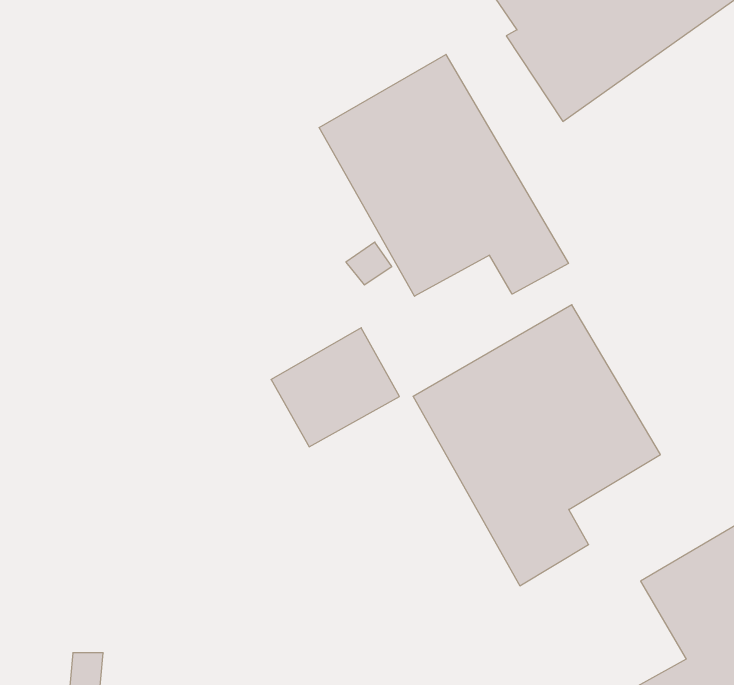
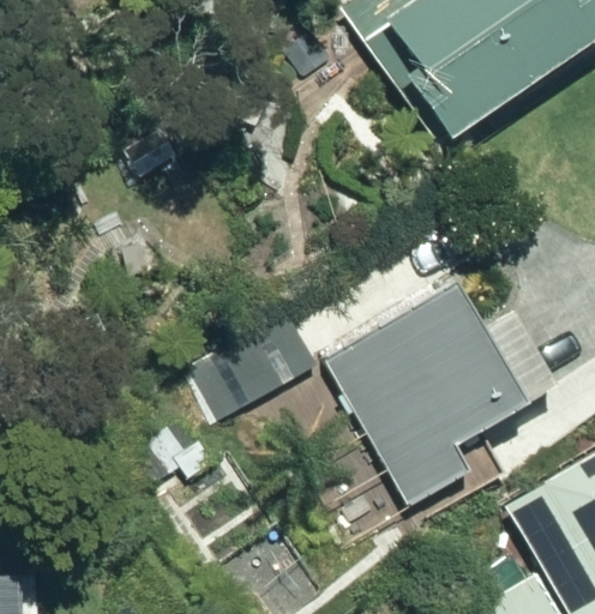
building: [319,54,568,296] -> none

